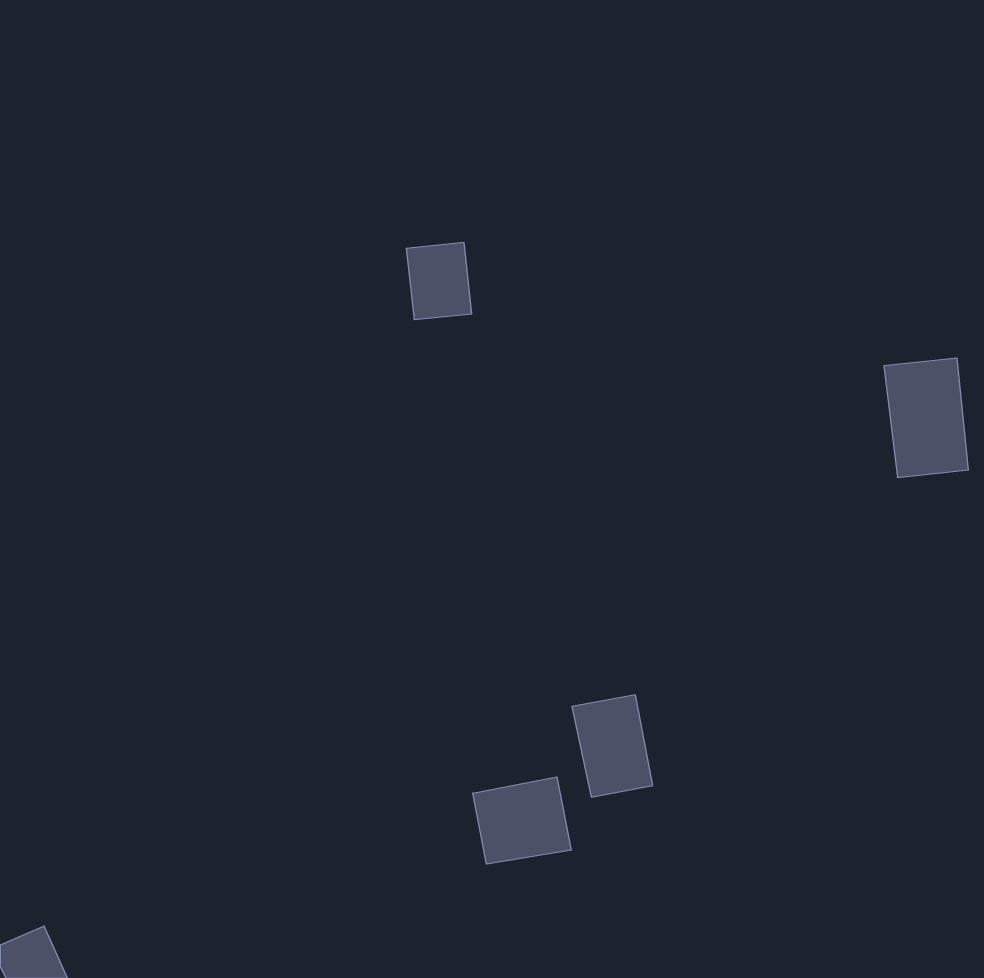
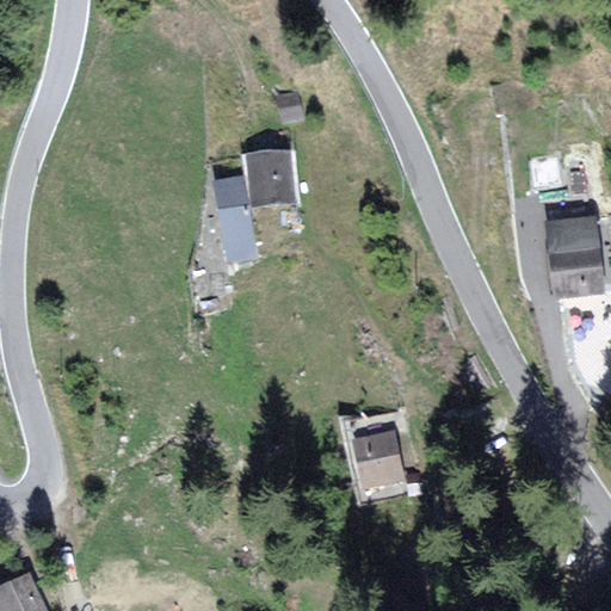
building: none -> [216,174,255,254]
building: [473,777,571,864] -> none

